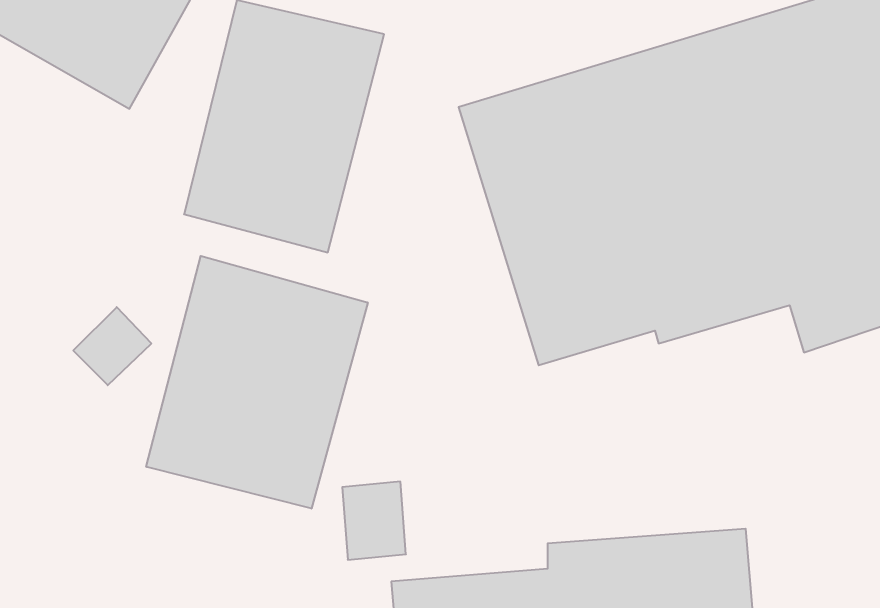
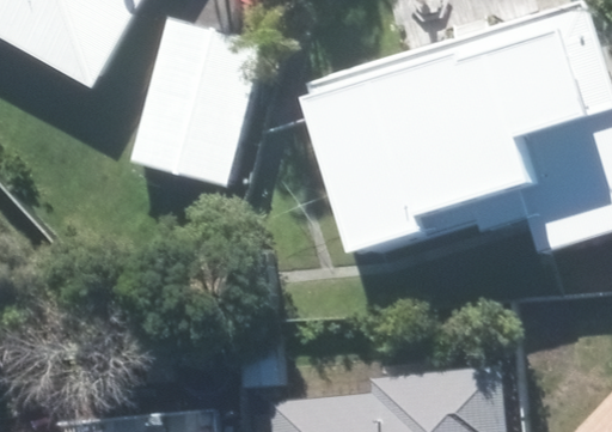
building: [146,256,368,509] -> none

